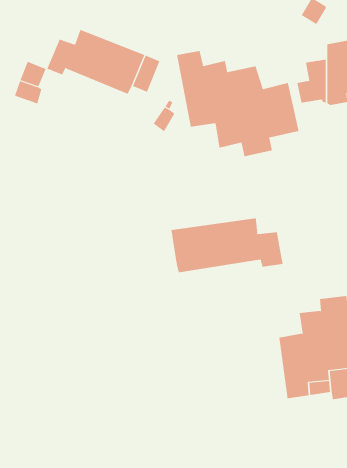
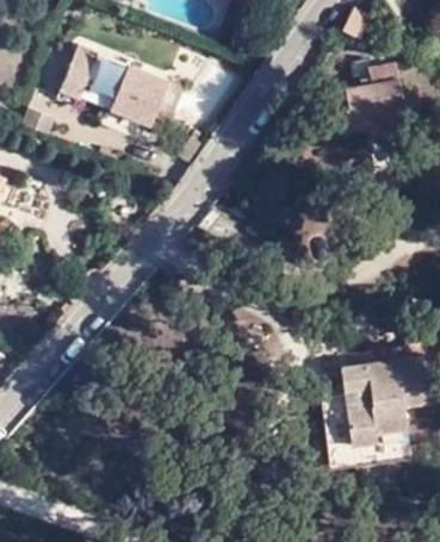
building: [177,50,299,157] -> none
building: [171,217,283,273] -> none

